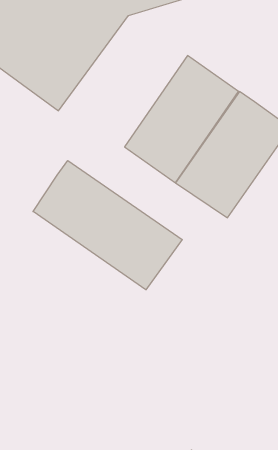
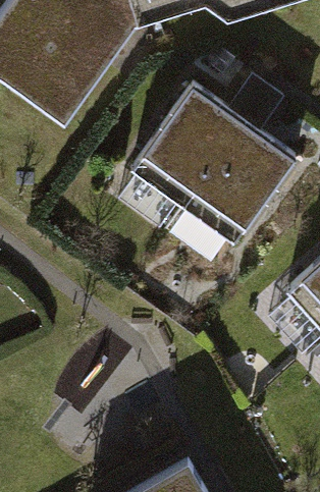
building: [33,161,182,290] -> none

